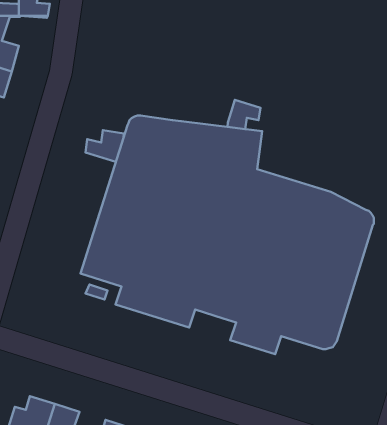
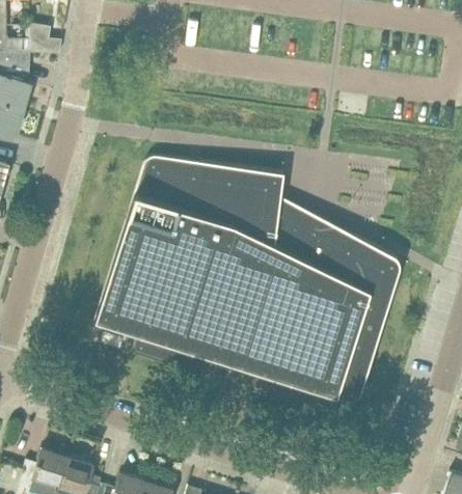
building: [227,100,261,129] -> none
building: [85,130,124,162] -> none

